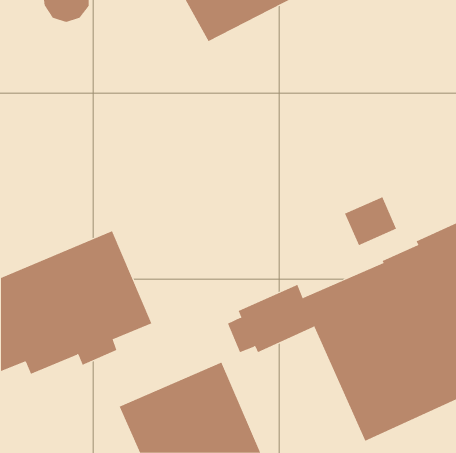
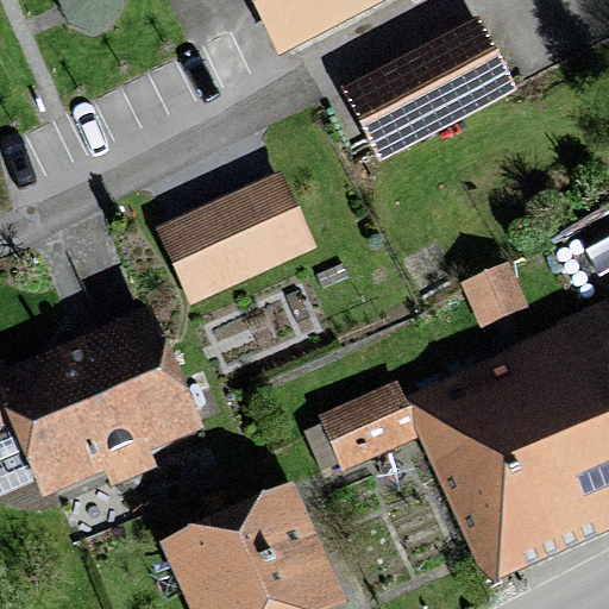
building: none -> [340,17,517,163]
building: none -> [155,169,316,303]

